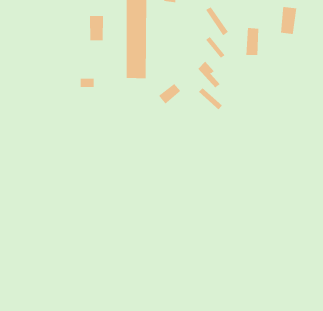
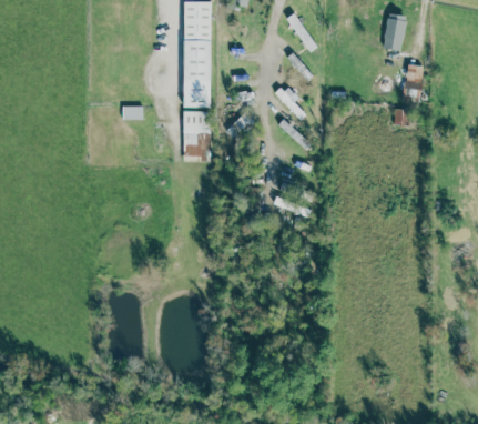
building: [90,15,104,41] -> none
building: [246,28,259,56] -> [404,64,421,101]
building: none -> [183,110,211,161]

